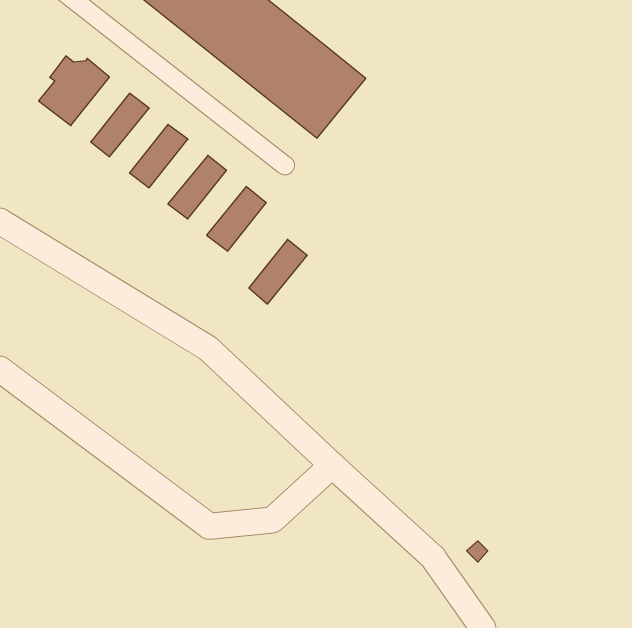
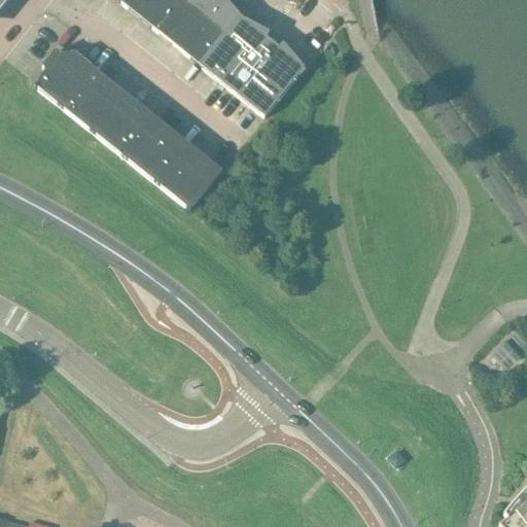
building: none -> [62,64,110,117]
building: none -> [94,90,142,143]
building: none -> [127,115,175,169]
building: [249,239,307,304] -> [159,141,207,195]

